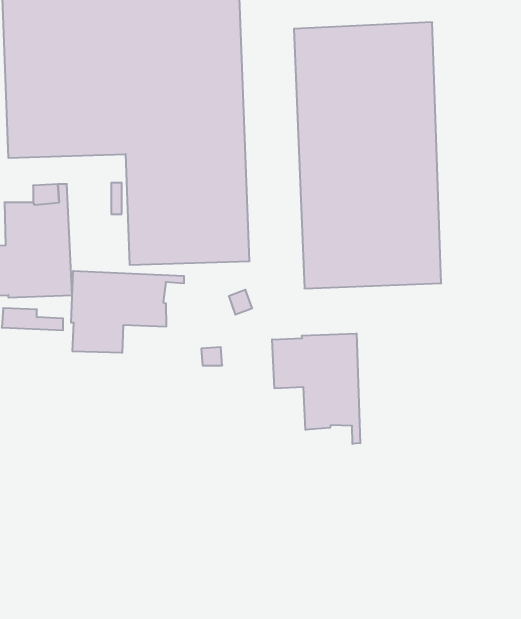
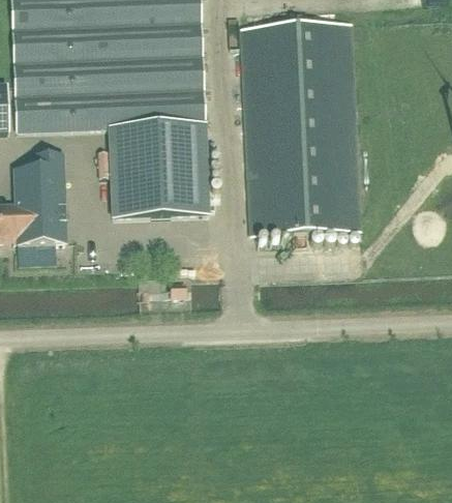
building: [71,271,184,353] -> none
building: [272,333,360,444] -> none

